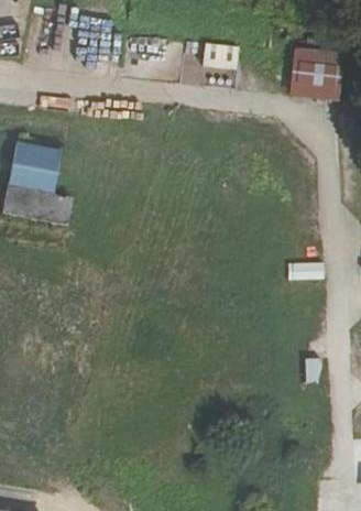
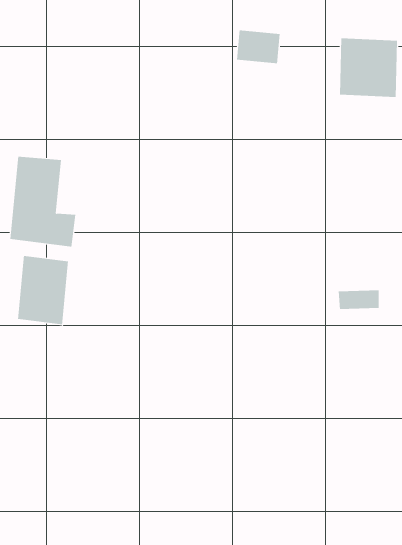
building: none -> [18,255,69,325]

